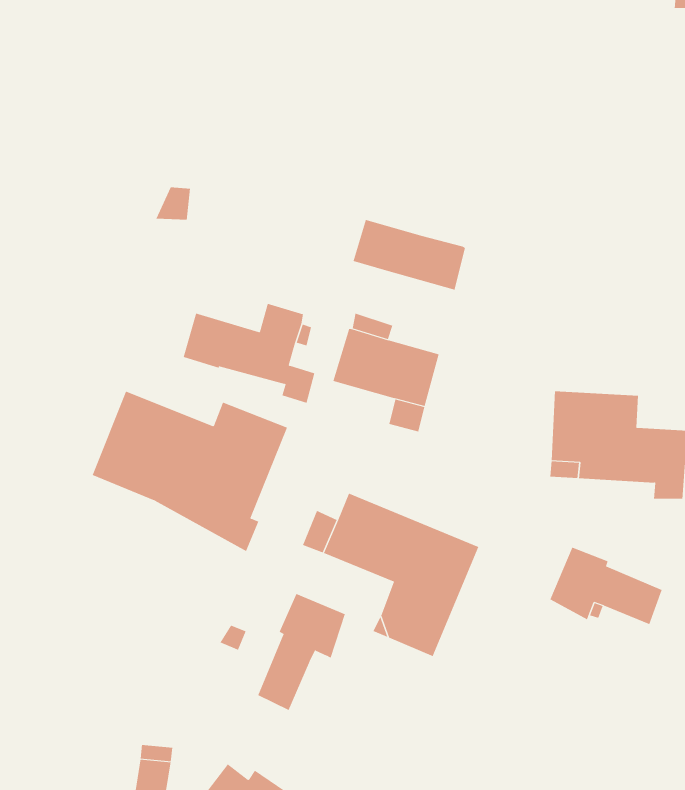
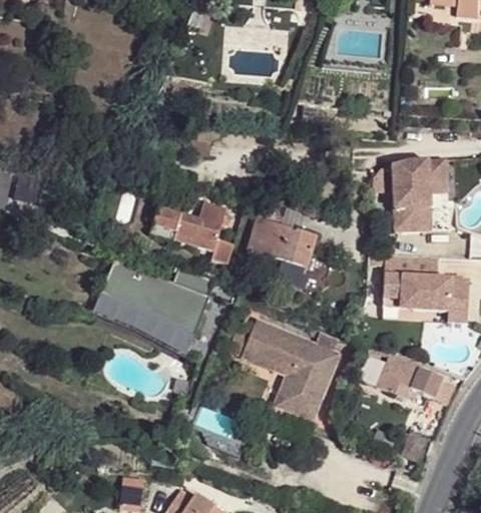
building: [353,219,466,291] -> none
building: none -> [393,159,447,231]
building: [258,593,346,711] -> none

